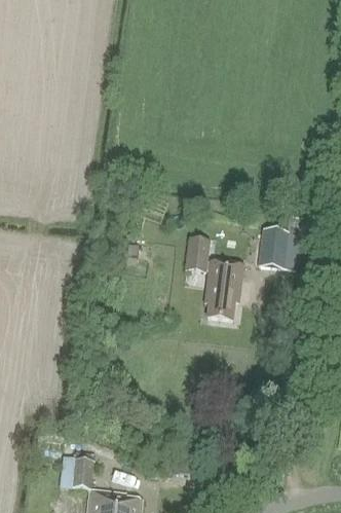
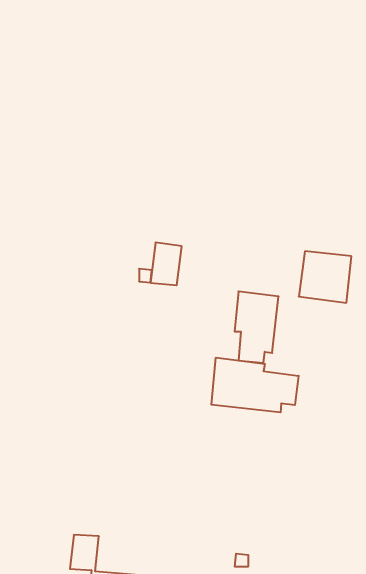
building: [185,236,211,271] -> [150,243,182,285]
building: none -> [211,358,299,412]

